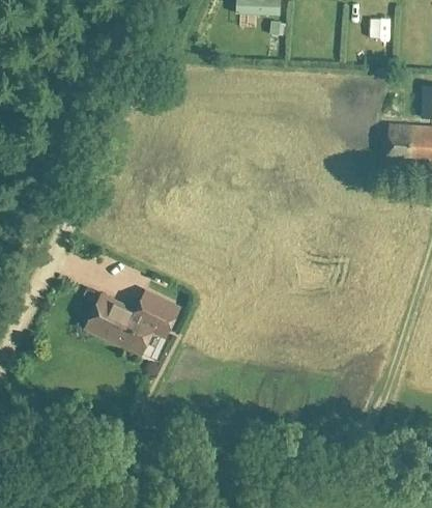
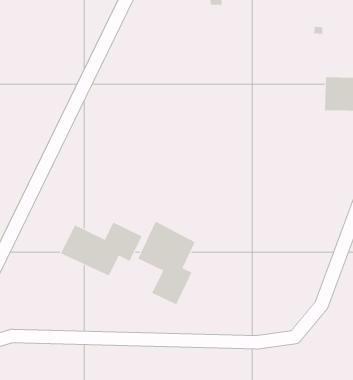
building: none -> [137,221,195,305]

